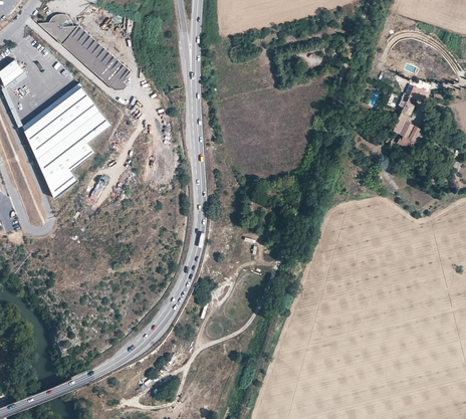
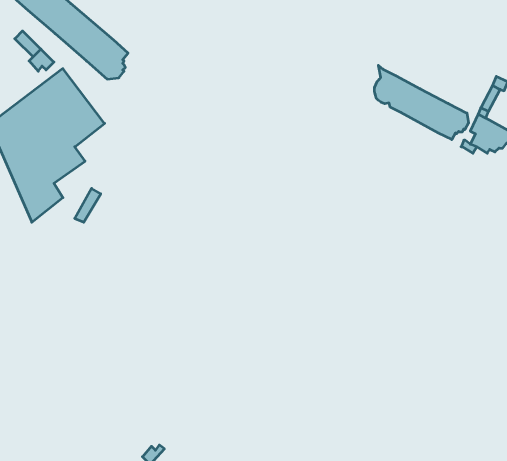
building: none -> [374,65,469,140]

